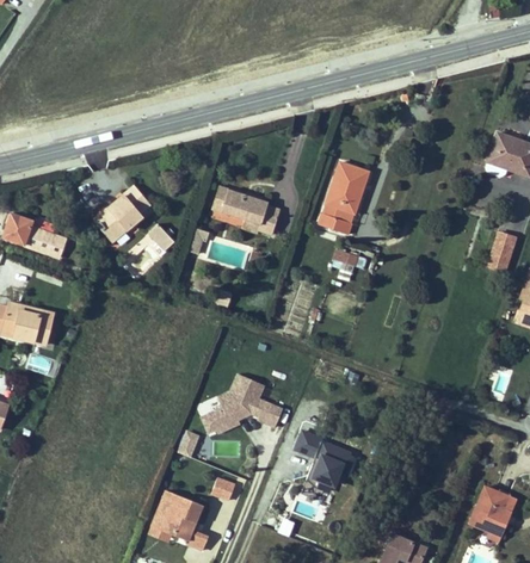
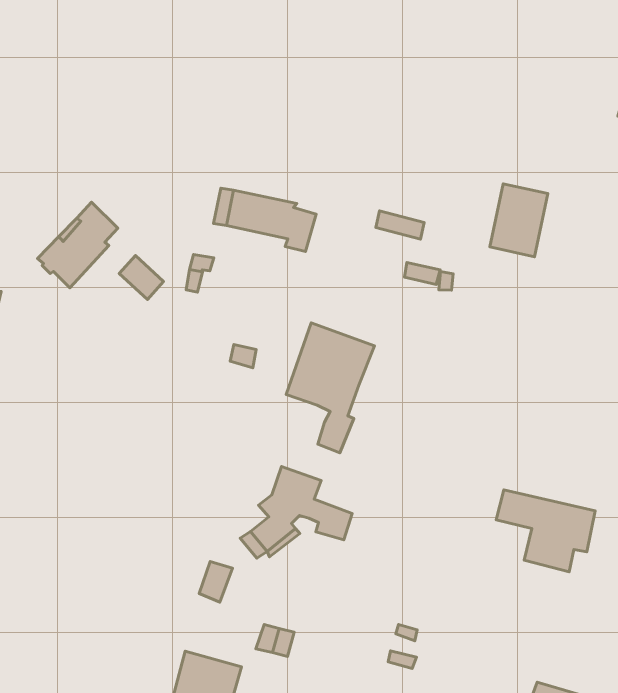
building: [326,162,368,212] -> [490,184,548,257]
building: none -> [286,323,374,453]
building: [292,433,358,491] -> [496,490,595,572]

